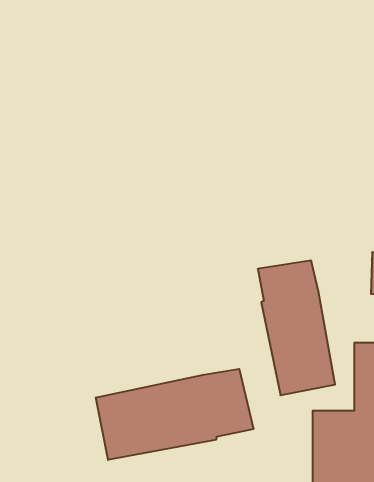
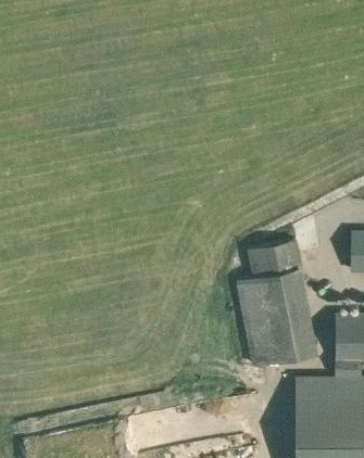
building: [96,369,253,460] -> none

